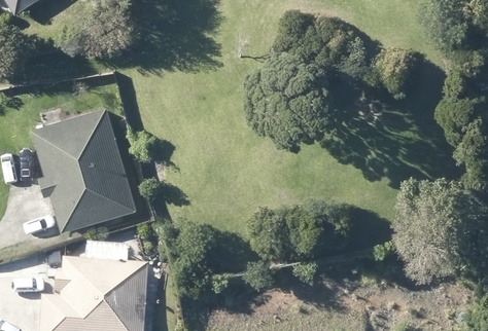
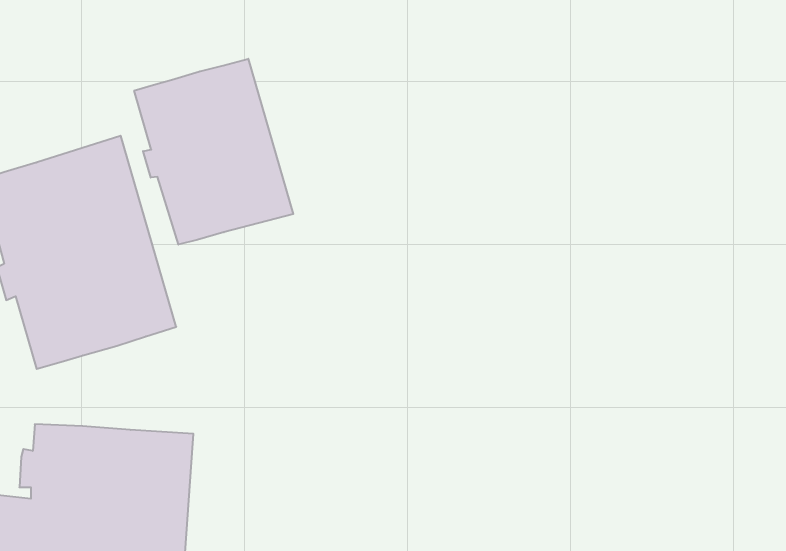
building: none -> [134,59,293,245]

